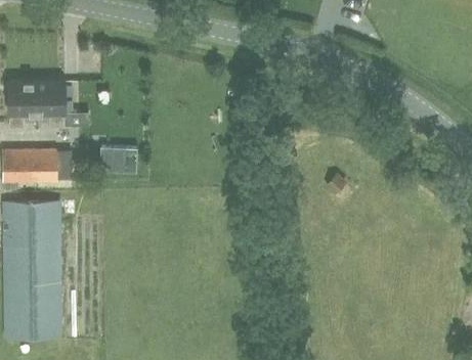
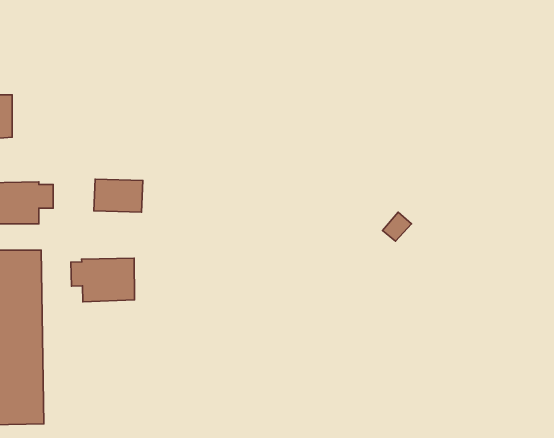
building: [37,80,66,126] -> none
building: none -> [71,258,134,302]

